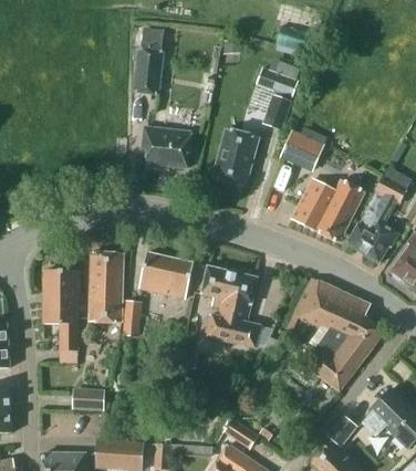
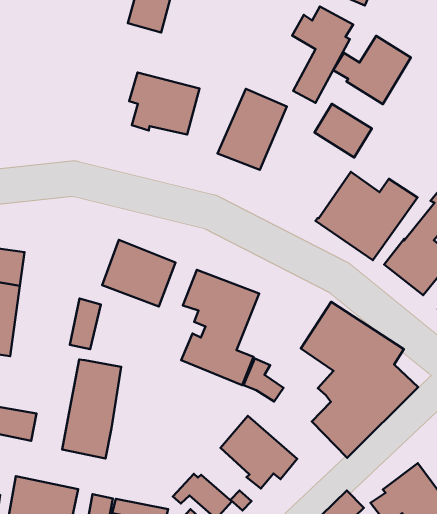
building: none -> [333,36,411,104]
building: [87,252,123,323] -> [62,359,121,459]
building: none -> [221,416,297,489]

